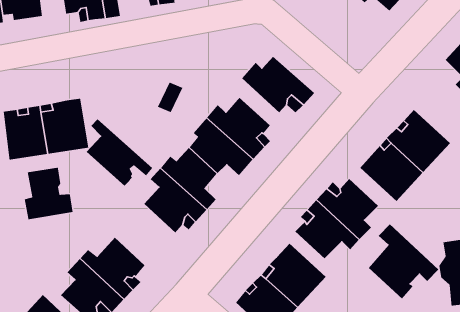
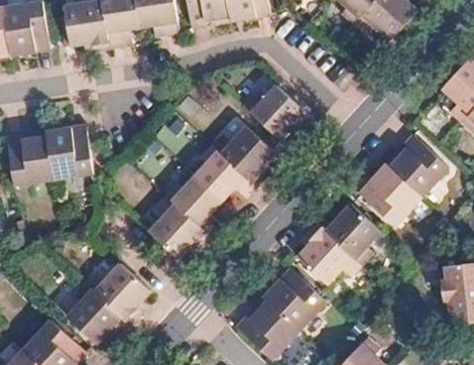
building: [86,118,153,186] -> none
building: [24,167,74,220] -> none
building: [368,224,439,300] -> none

